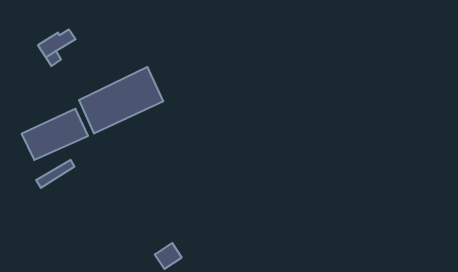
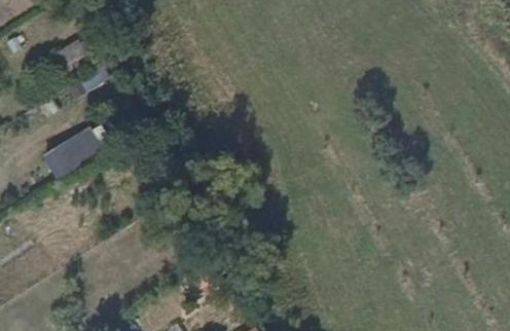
building: [79,67,163,134] -> none

